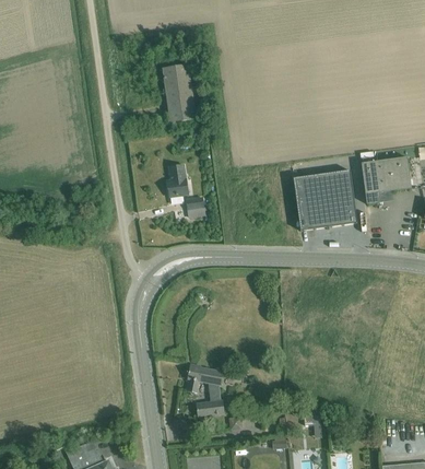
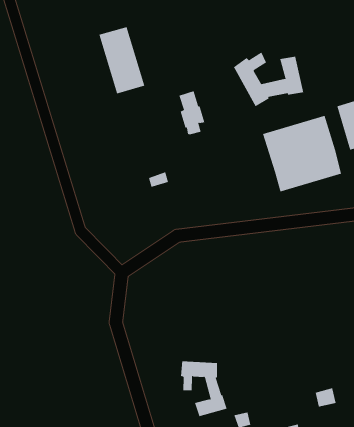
building: none -> [233,52,304,107]
building: [168,165,189,203] -> [179,91,205,135]

